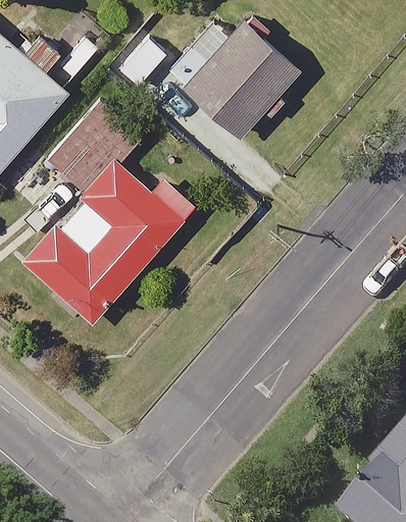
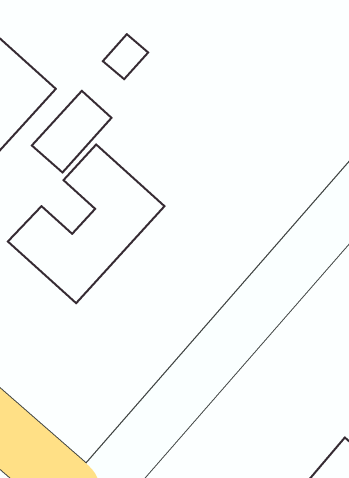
building: [183,17,303,140] -> none

